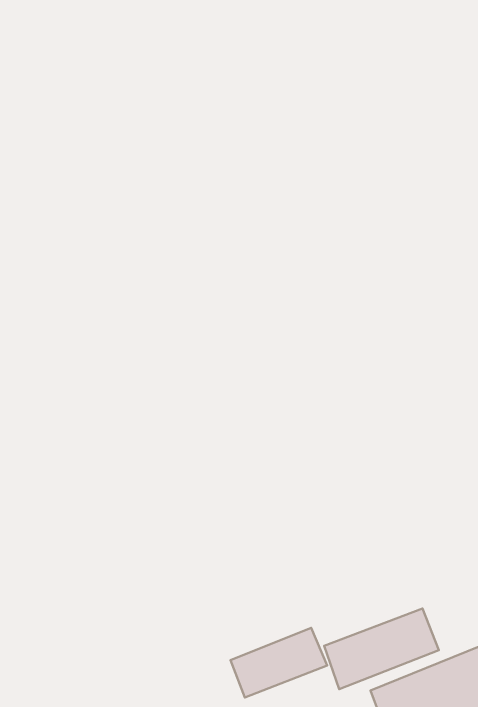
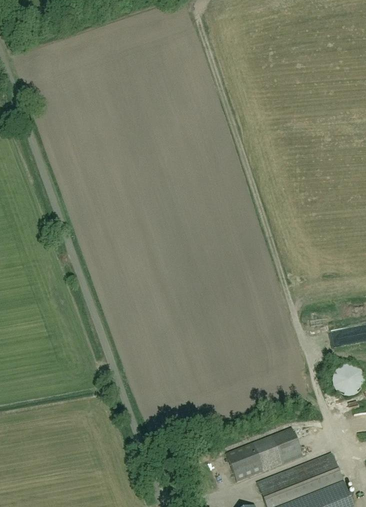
building: [231,628,327,697] -> none

